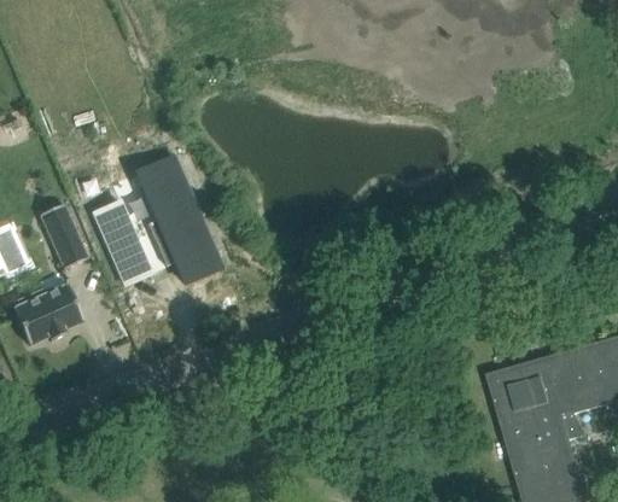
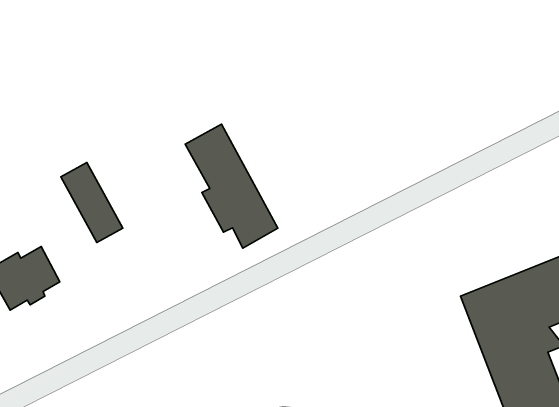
building: [136,154,222,282] -> [185,124,278,248]
building: [40,203,88,268] -> none

